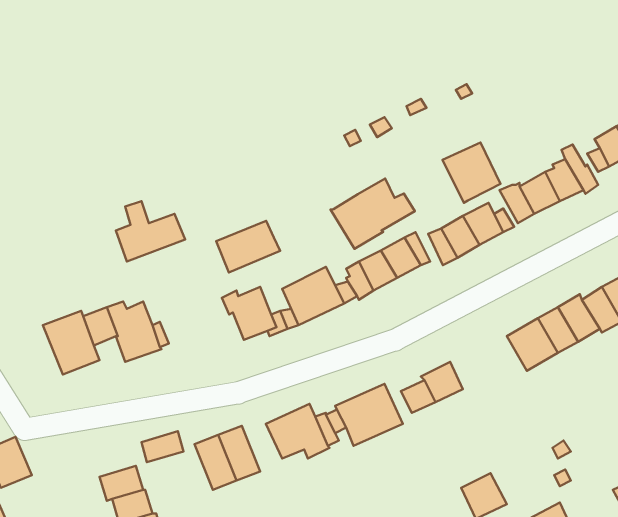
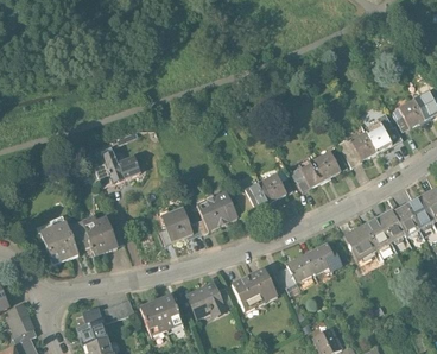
building: [442,142,500,203] -> none
building: [331,179,415,249] -> none
building: [216,221,280,273] -> none
building: none -> [308,242,343,271]

